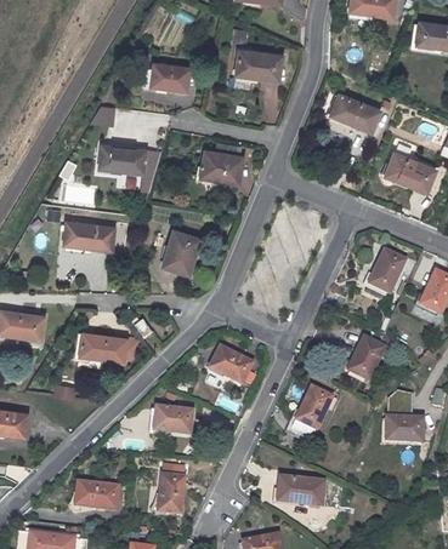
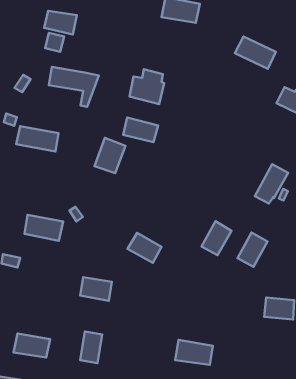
building: [149,64,189,92] -> [44,11,77,34]
building: none -> [123,118,158,142]
building: [295,387,331,429] -> [201,221,231,255]

